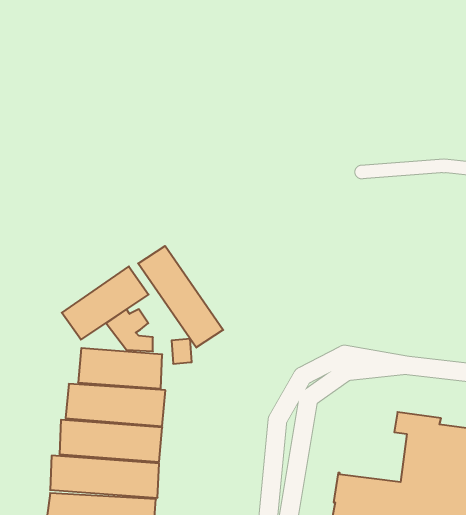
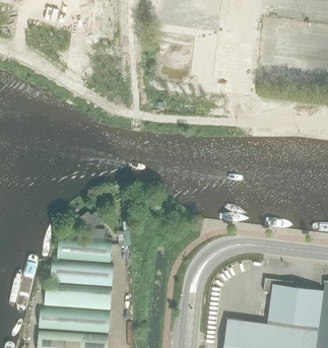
building: [138,246,223,348] -> none
building: [62,266,149,340] -> none

